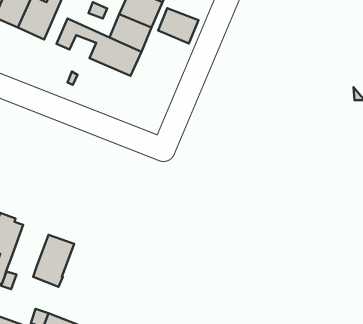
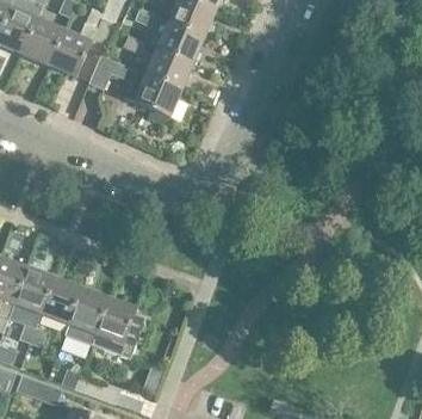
building: [158,8,199,43] -> none
building: none -> [41,277,80,322]
building: none -> [91,297,144,358]

